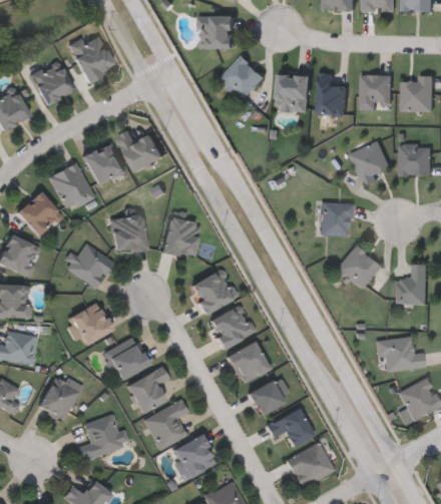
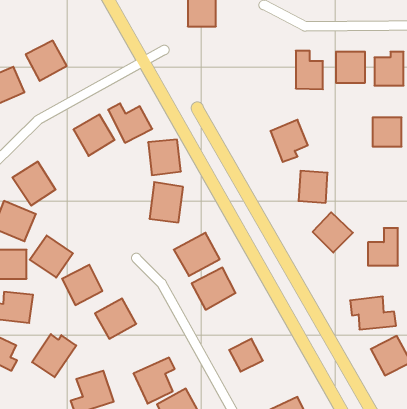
building: [68,32,114,81] -> none
building: [223,55,266,98] -> none
building: [277,74,309,110] -> none
building: [352,140,392,185] -> [270,120,308,162]
building: [50,161,95,211] -> none
building: [111,214,146,253] -> [148,140,181,175]
building: [68,242,114,288] -> [30,235,73,278]
building: [227,342,269,384] -> none
building: [126,366,169,414] -> none
building: [267,409,313,447] -> none

